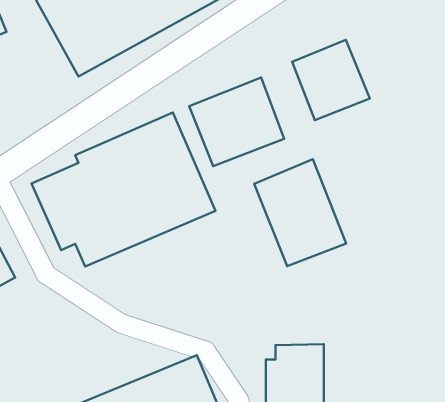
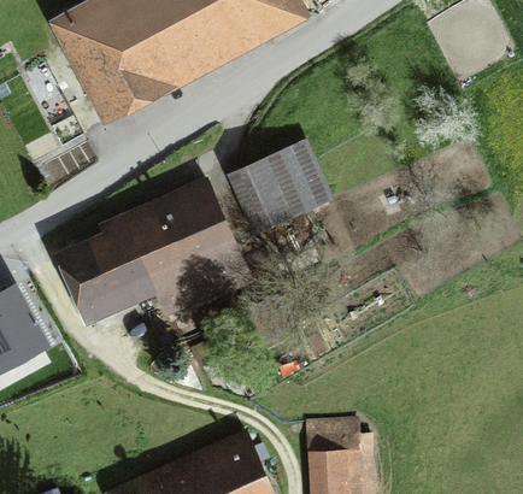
building: [292,40,370,120] -> none
building: [254,159,346,266] -> none

